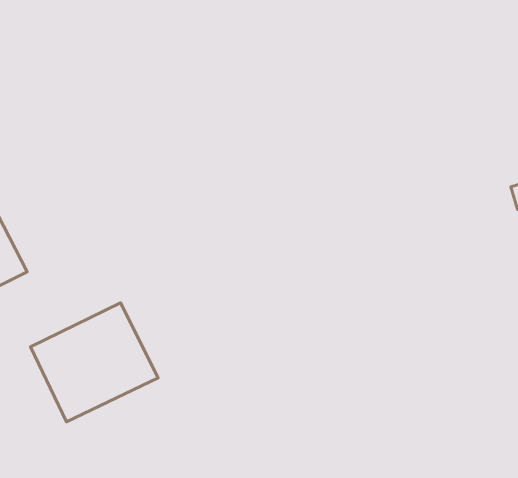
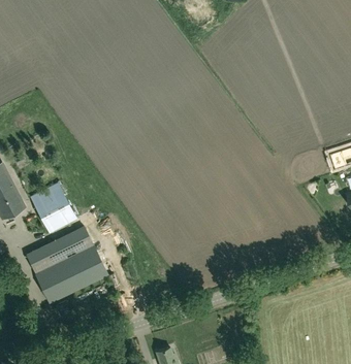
building: none -> [31,184,76,233]

